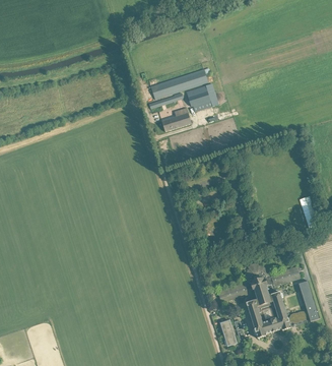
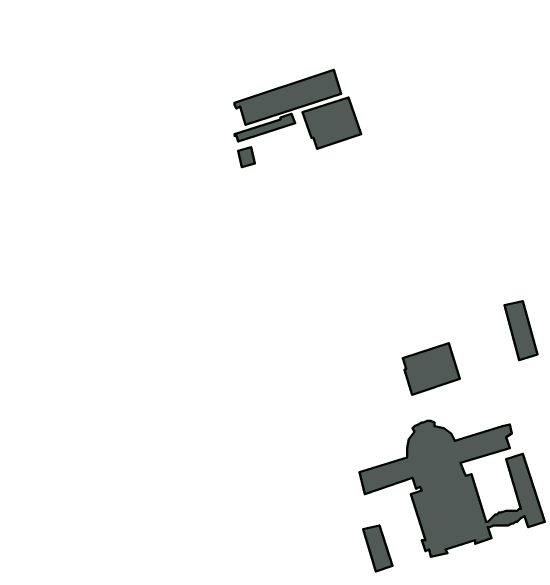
building: [162,107,192,131] -> none
building: none -> [403,343,460,395]

